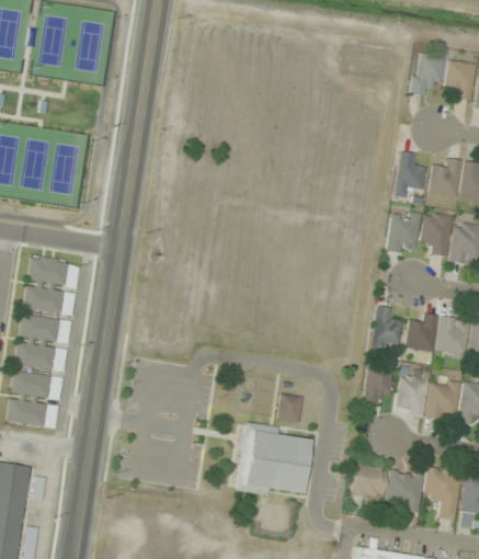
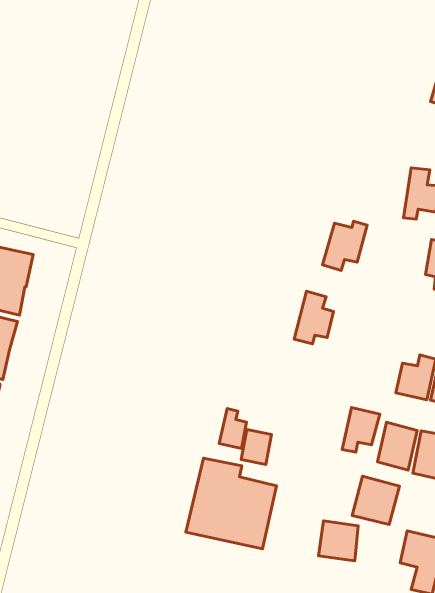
building: [386,210,421,254] -> [323,221,367,271]
building: [370,306,402,351] -> [294,291,334,344]
building: none -> [219,408,247,448]
building: [386,469,424,509] -> [352,476,399,524]

